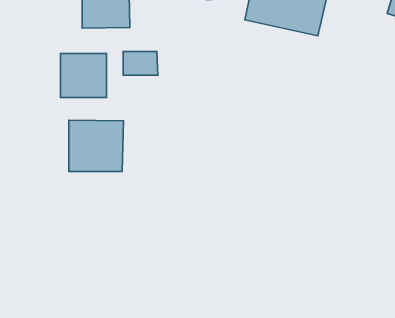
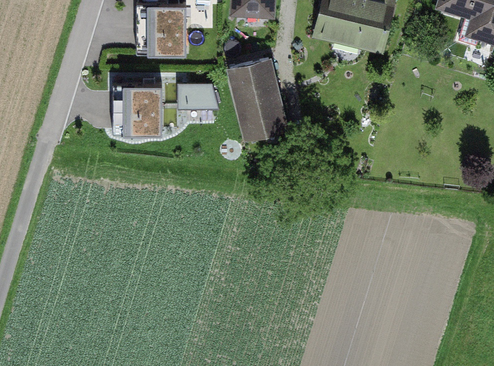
building: none -> [221,57,293,147]
building: [69,120,123,172] -> none

